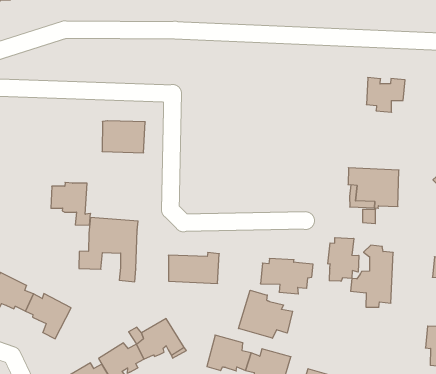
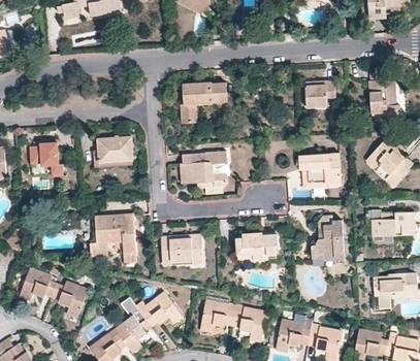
building: none -> [184,83,228,122]
building: none -> [181,151,227,188]
building: [51,182,91,225] -> [32,142,65,176]
building: [328,238,359,281] -> none
building: [239,290,293,338] -> none

